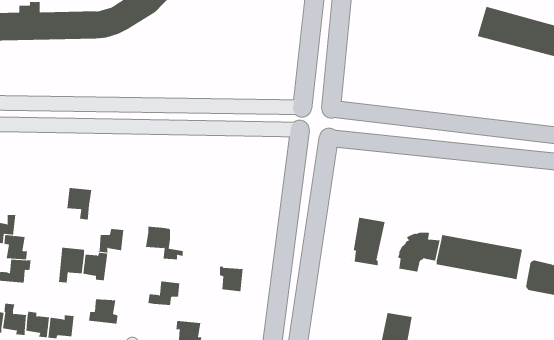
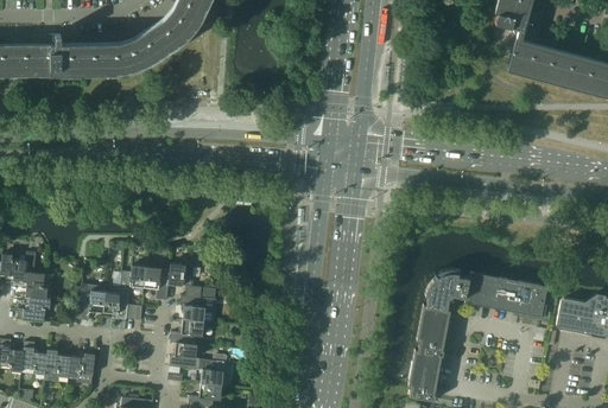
building: [66,188,92,220] -> [145,267,171,300]
building: [350,217,385,266] -> [416,306,451,356]
building: [219,266,244,292] -> [182,295,207,321]
building: [88,299,118,324] -> [170,343,201,369]

